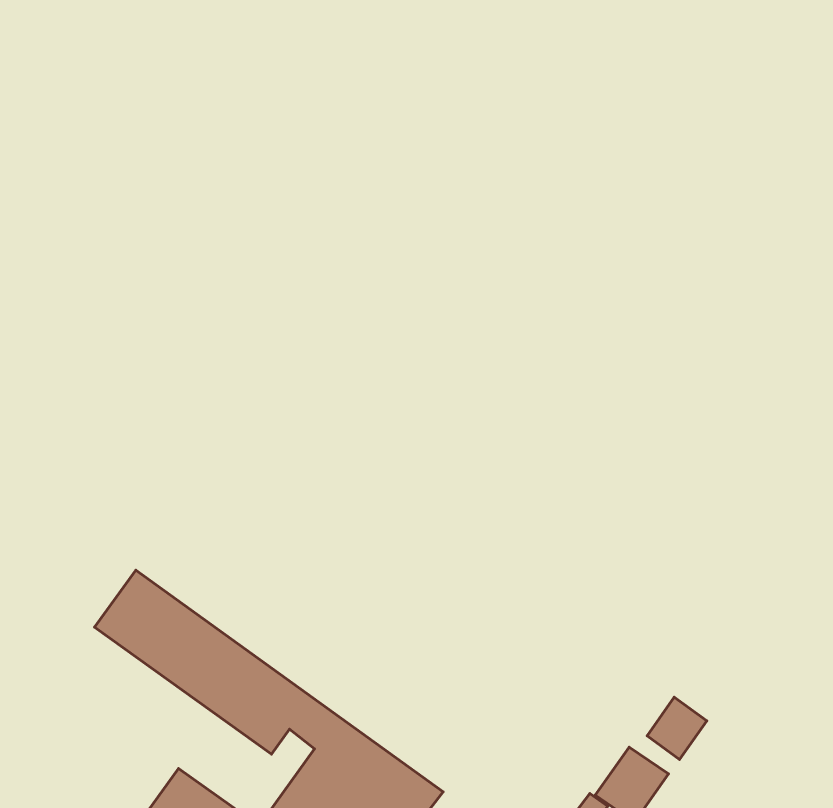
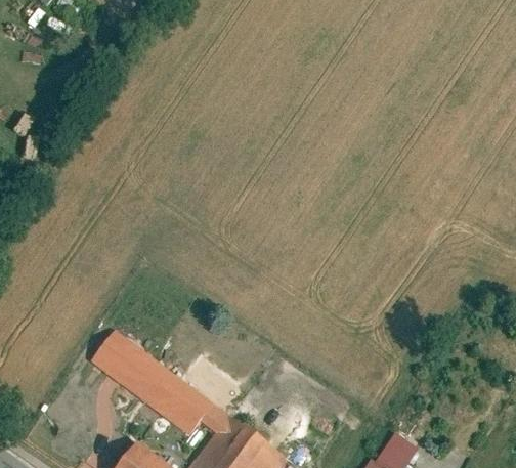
building: [647,697,707,759] -> none

